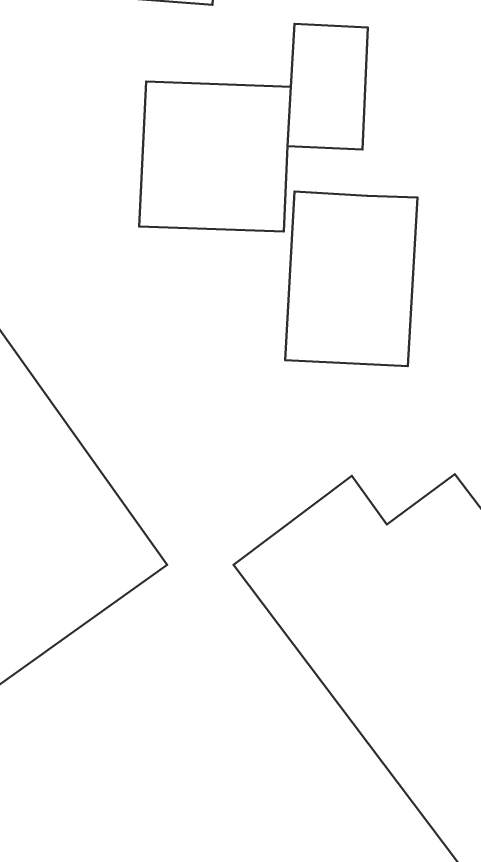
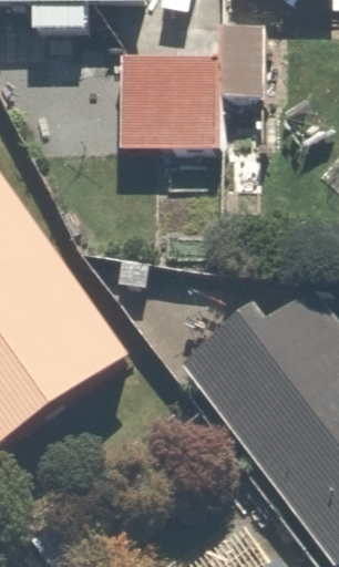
building: [285,191,417,366] -> none

